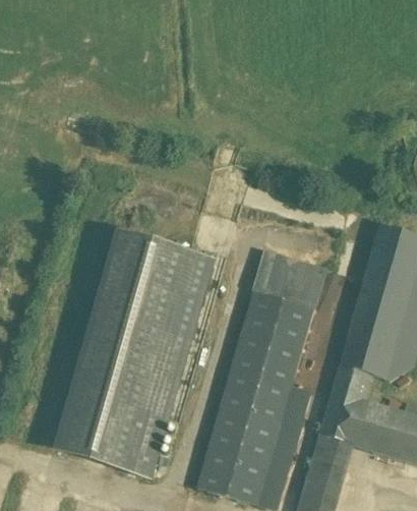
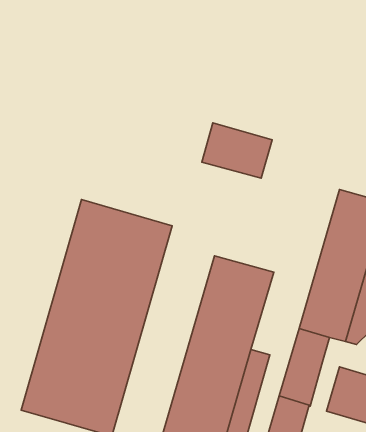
building: [255,252,326,308] -> [202,123,272,178]
building: [352,399,381,449] -> none

